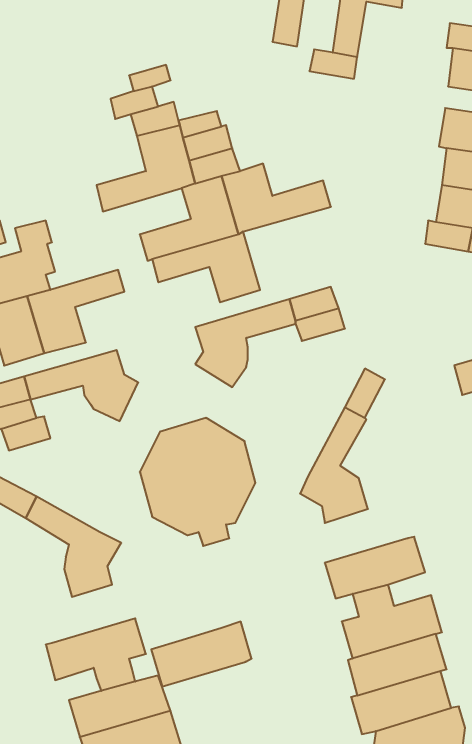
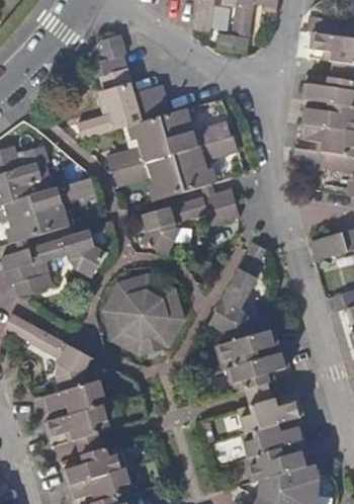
building: none -> [173,136,238,191]
building: none -> [215,330,281,371]
building: [151,622,252,686] -> [40,381,106,423]

